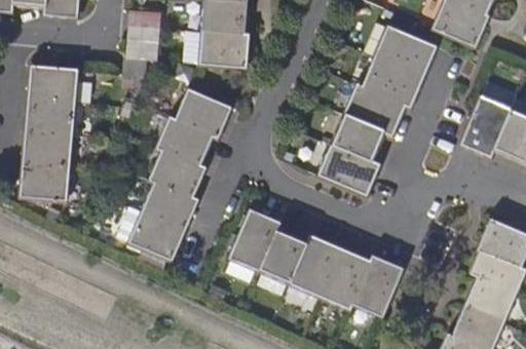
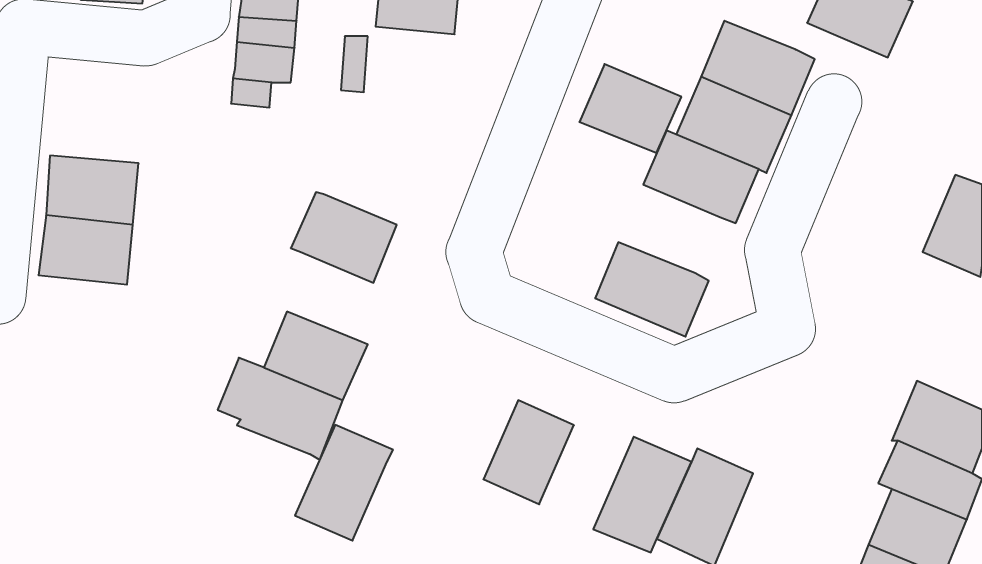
building: [198,30,249,68] -> none
building: [28,64,78,103] -> none
building: [174,88,230,138] -> none
building: [460,95,511,157] -> none
building: [331,114,385,161] -> [579,64,681,153]
building: [149,150,204,197] -> none
building: [20,162,69,200] -> none
building: [228,209,280,271] -> [295,425,393,541]
building: [289,236,339,298] -> none

